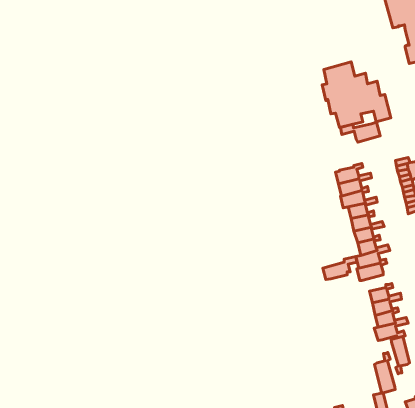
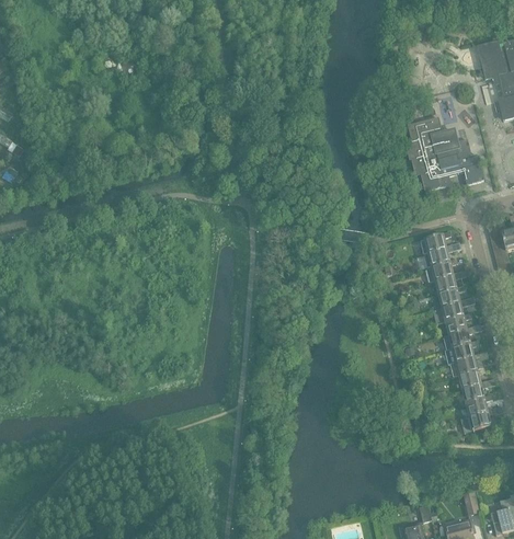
building: [341,122,380,142] -> none
building: [323,256,357,280] -> [450,351,489,377]
building: [391,337,409,374] -> none
building: [374,352,395,393] -> none

